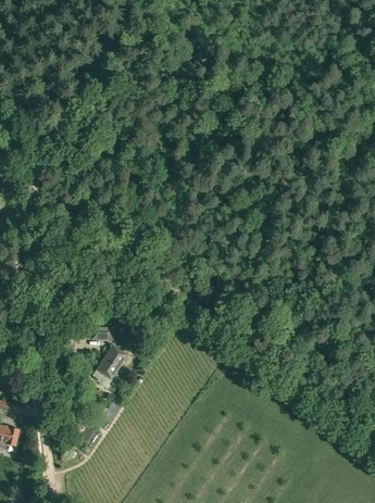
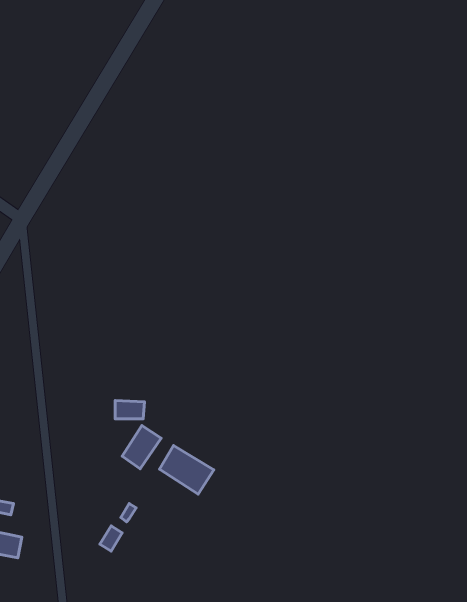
building: none -> [159,446,214,494]

